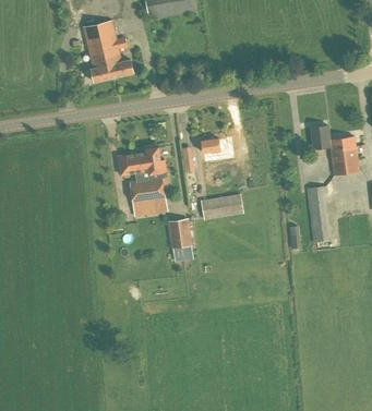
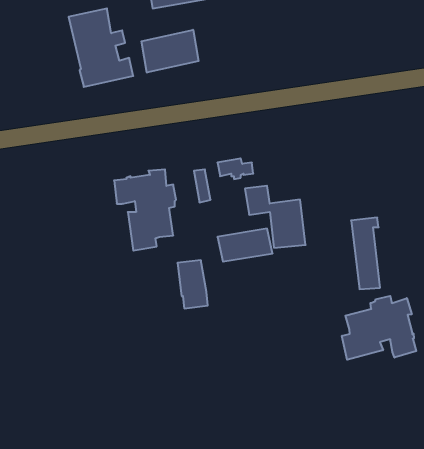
building: none -> [141,30,199,73]
building: [310,125,358,174] -> [245,186,306,248]
building: none -> [342,296,416,360]

